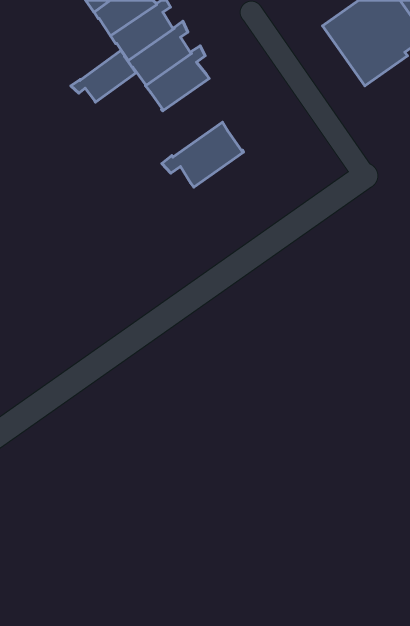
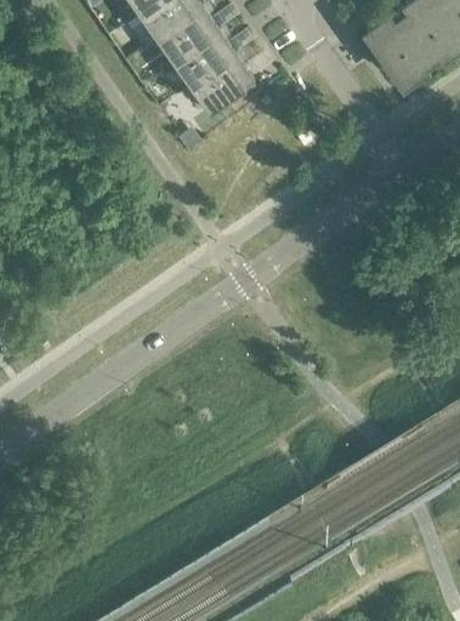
building: [71,51,137,102] -> none
building: [162,122,244,187] -> none

